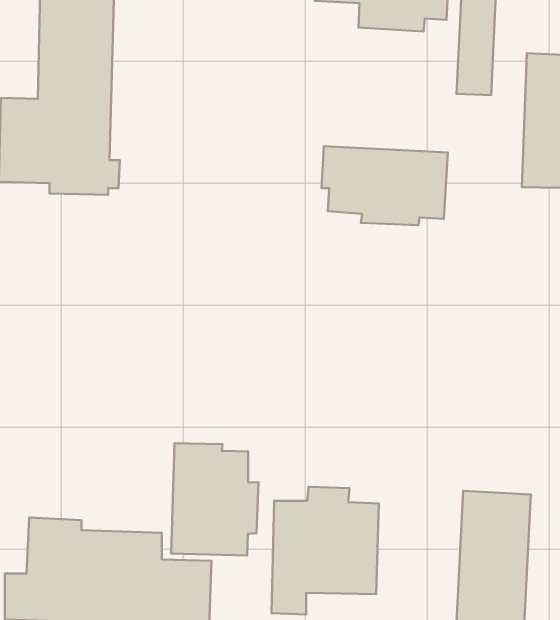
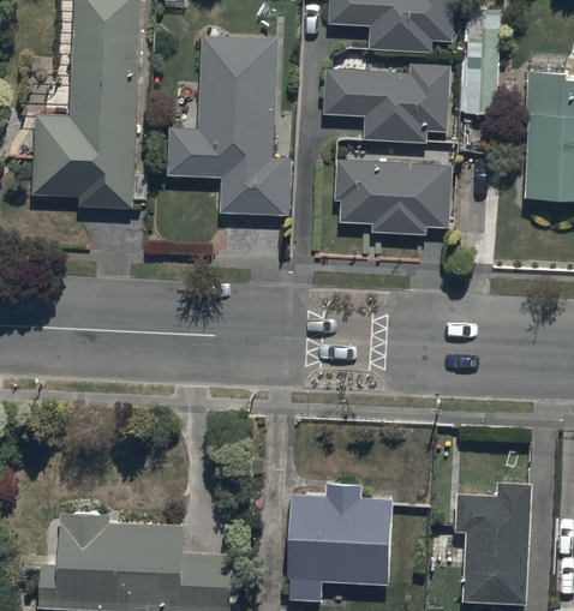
building: none -> [169,36,293,220]
building: none -> [325,66,452,144]
building: [171,443,258,555] -> none

